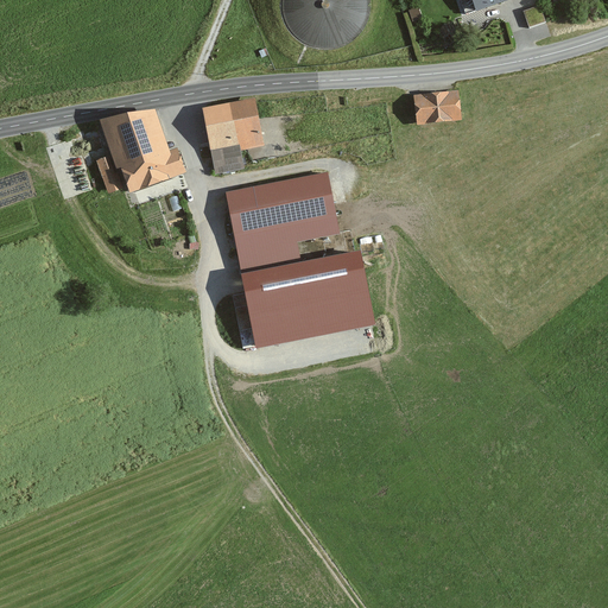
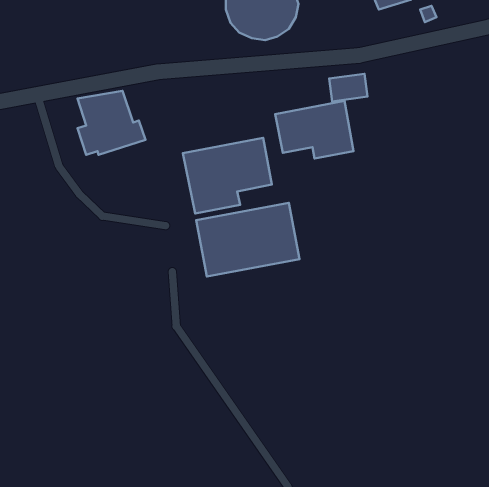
building: [204,97,264,170] -> none
building: none -> [275,101,353,158]

